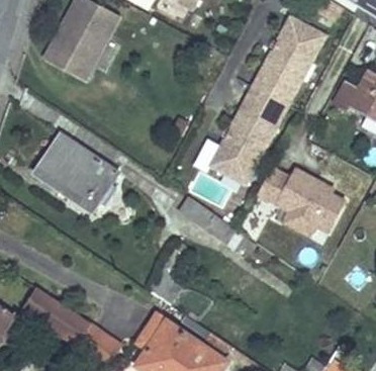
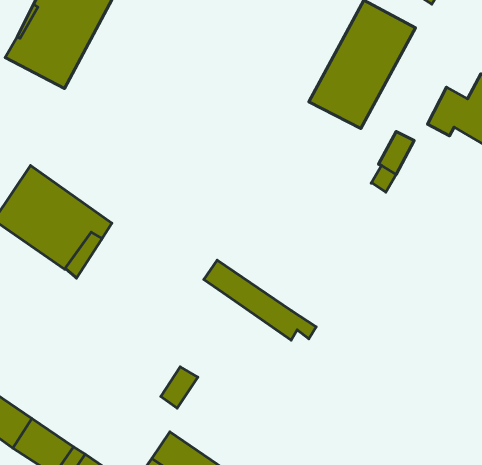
building: [209,88,286,186] -> none
building: [253,165,348,241] -> none

